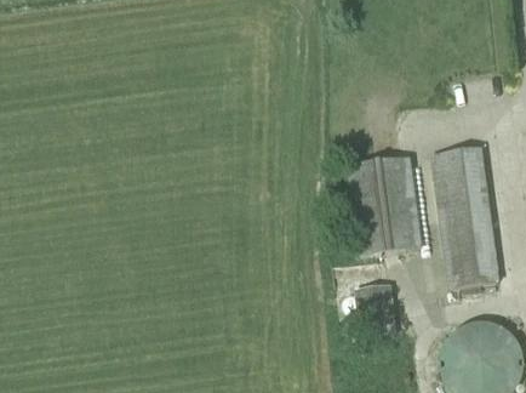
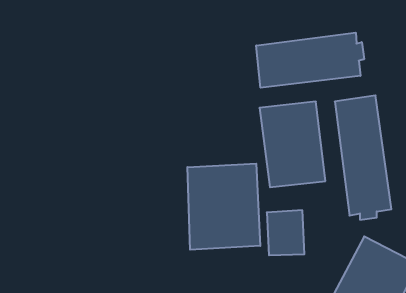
building: none -> [256,33,364,88]
building: none -> [187,164,260,250]

